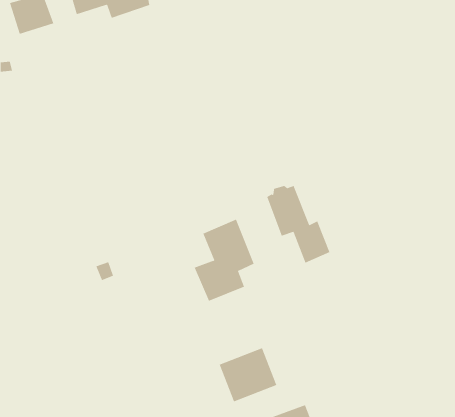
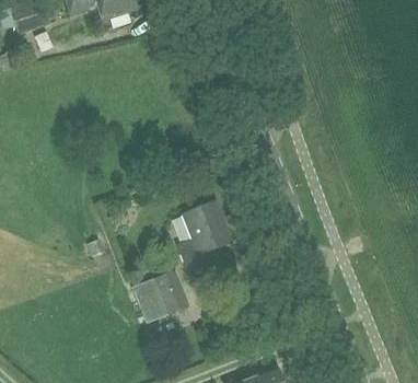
building: [267,185,330,263] -> none
building: [219,348,277,402] -> [136,270,188,320]

